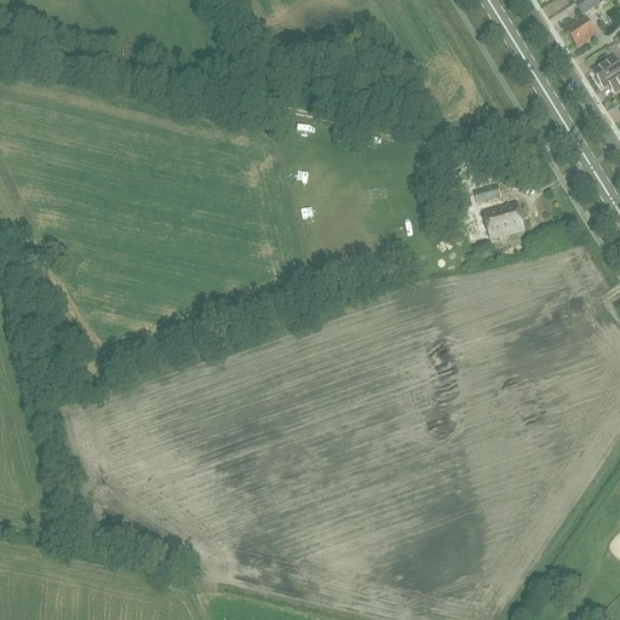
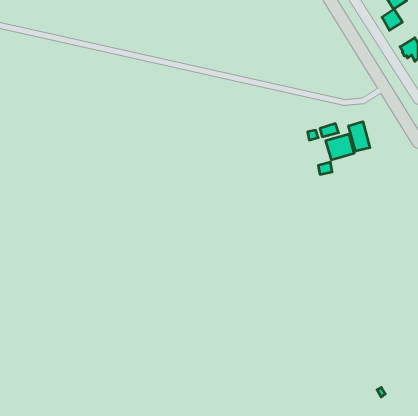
building: none -> [349,122,370,151]

